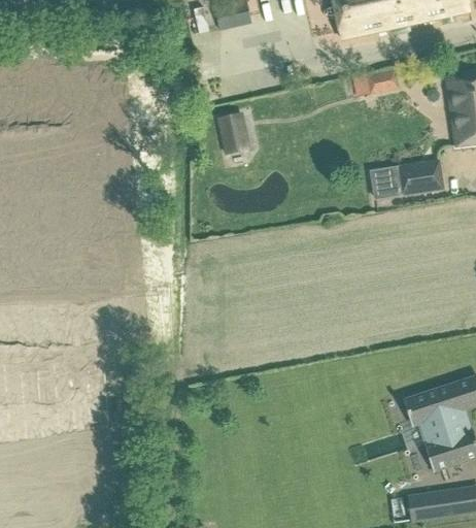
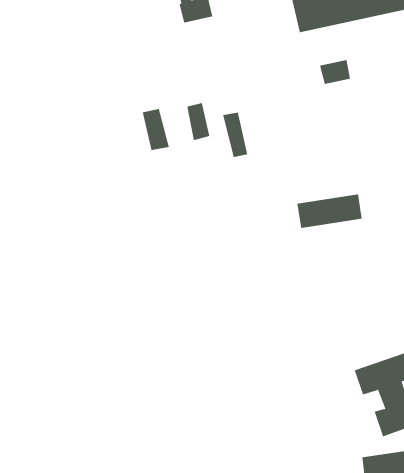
building: none -> [142,108,169,151]
building: none -> [222,112,248,158]
building: [372,161,443,198] -> [297,194,363,228]

